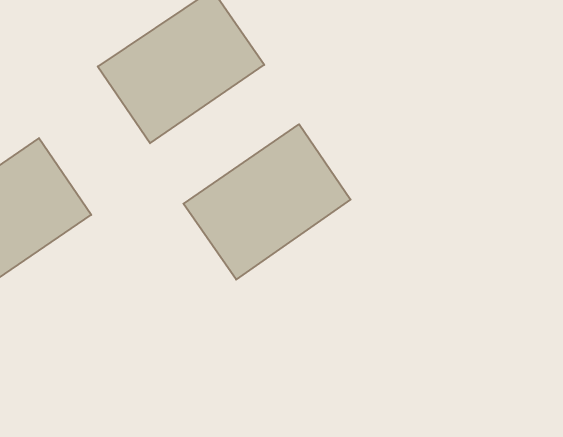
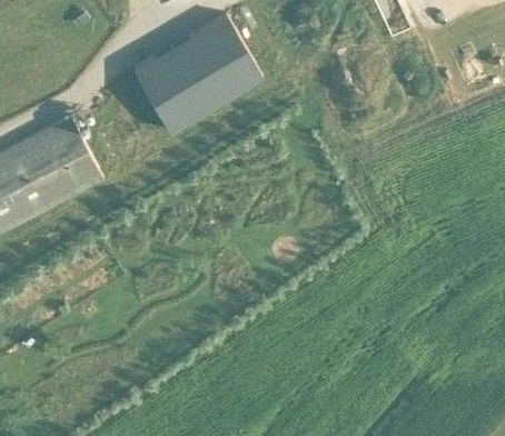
building: [183,124,351,280] -> none

